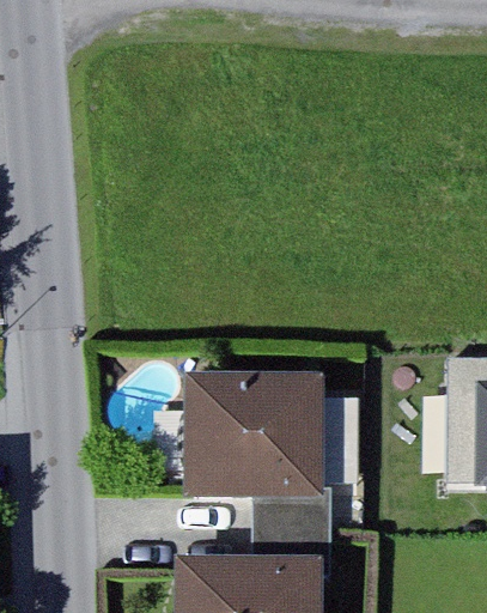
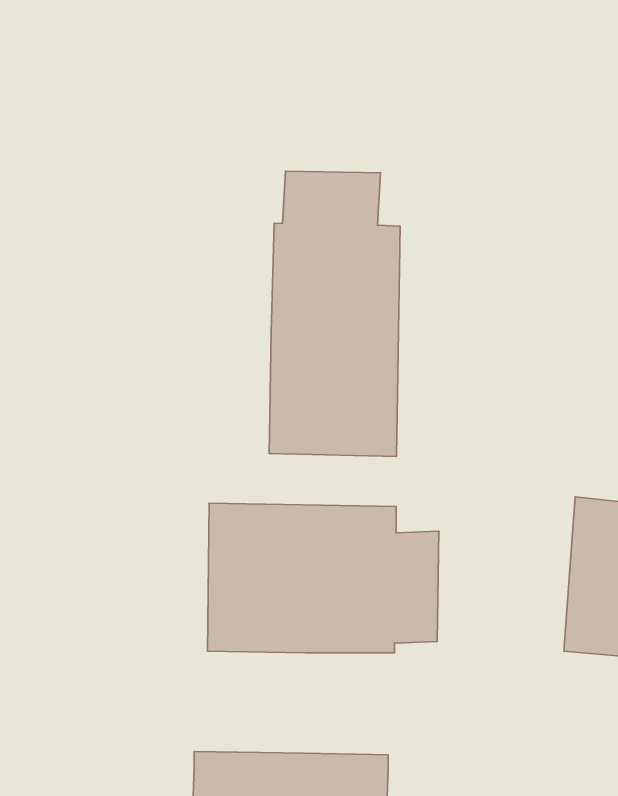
building: none -> [269,171,400,457]
building: [251,488,328,573] -> none

